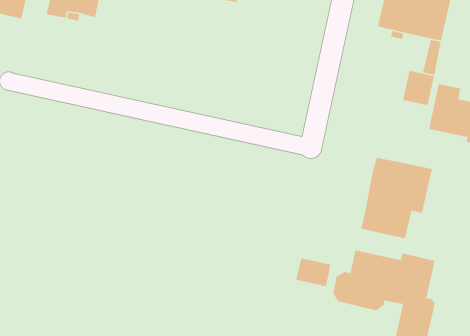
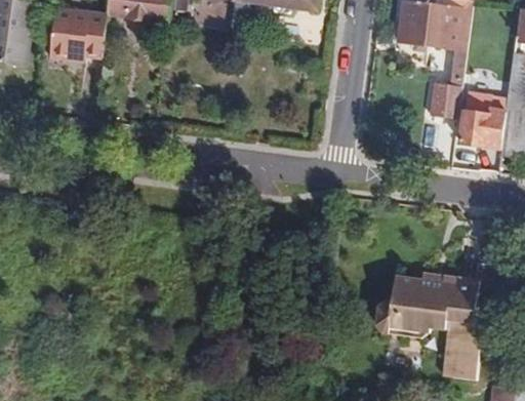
building: [361,157,433,239] -> none
building: [295,257,331,287] -> none

